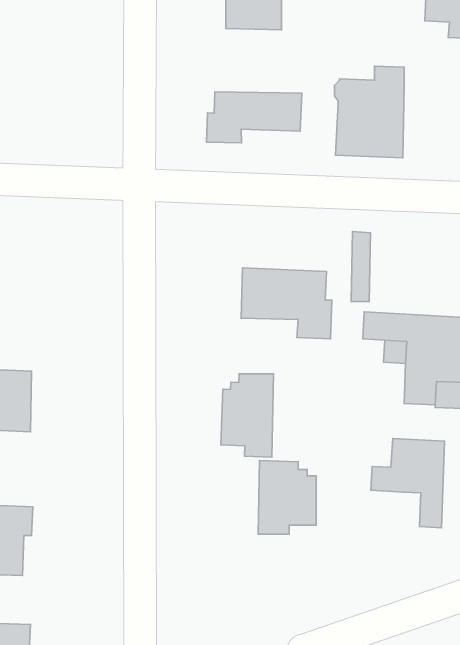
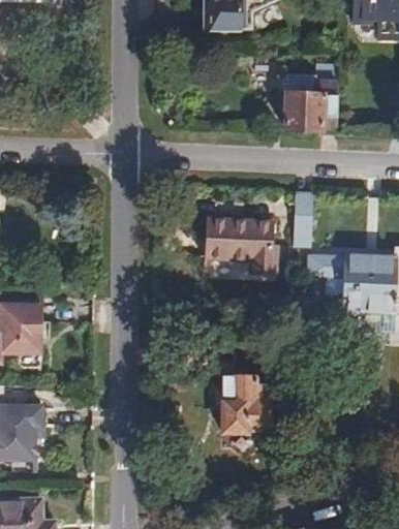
building: [207,92,302,143] -> none
building: [221,374,273,457] -> none
building: [371,438,445,528] -> none

